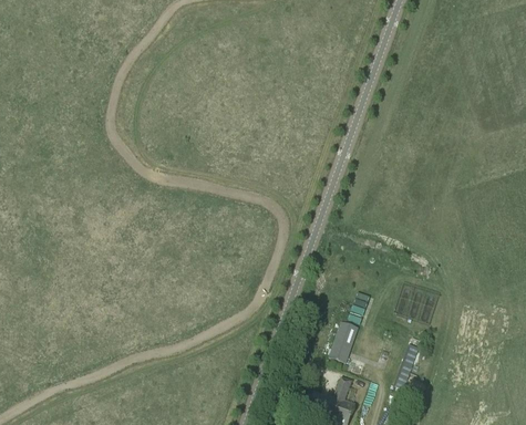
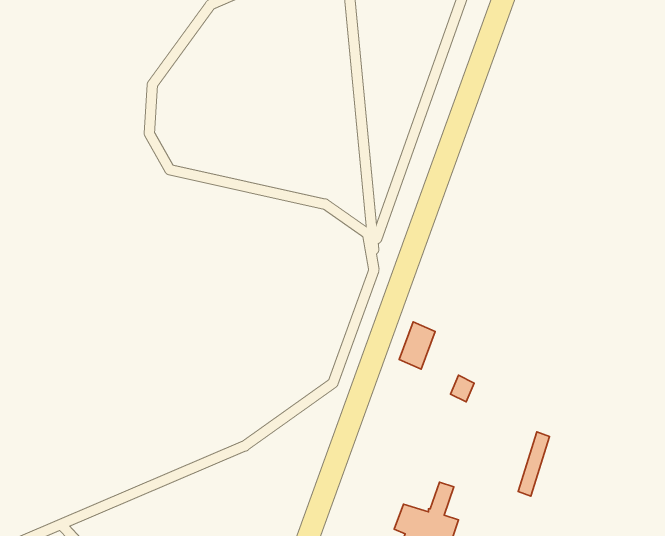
building: [332,324,358,357] -> [399,322,435,369]

